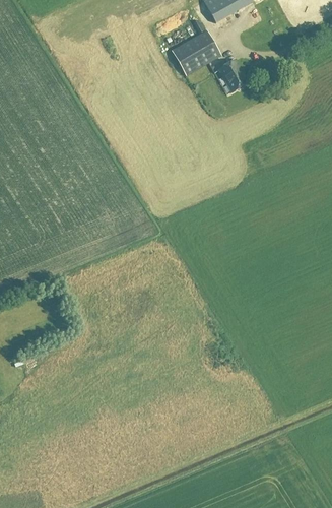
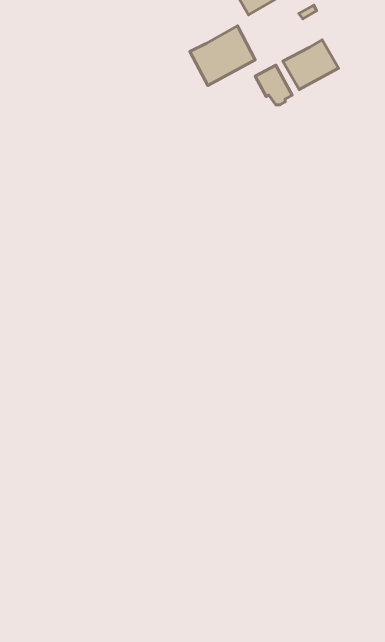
building: none -> [283,40,338,90]

